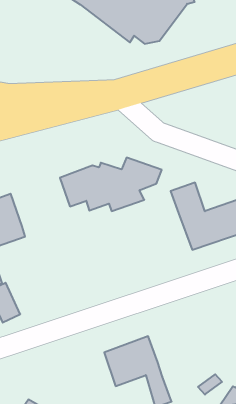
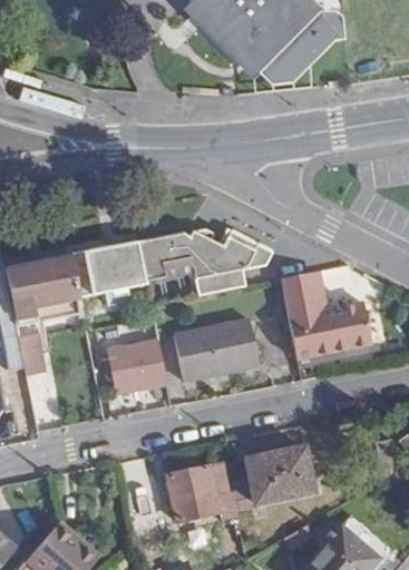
building: none -> [70,242,146,298]
building: none -> [174,320,257,382]
building: none -> [101,341,167,395]
building: none -> [224,448,312,501]

